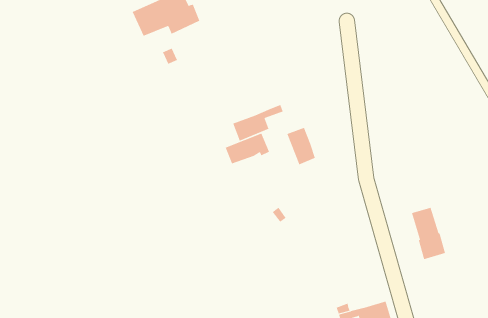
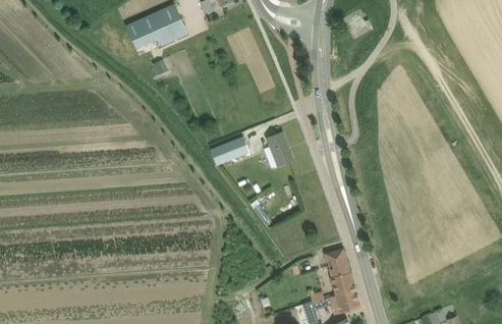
building: [232,104,283,142] -> none
building: [411,207,446,260] -> [325,248,356,295]

